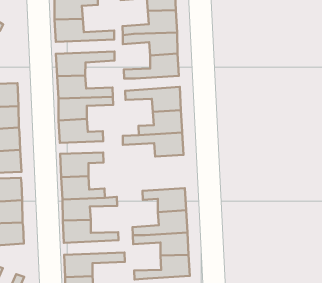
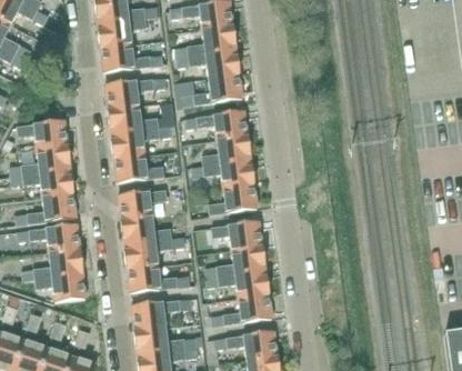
building: none -> [209,184,258,214]

